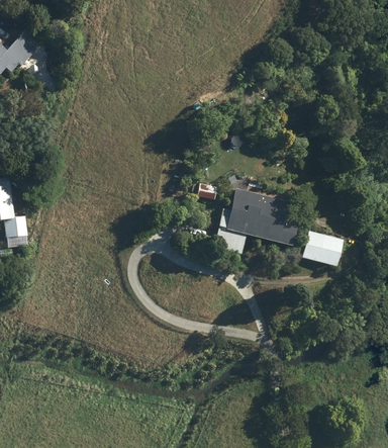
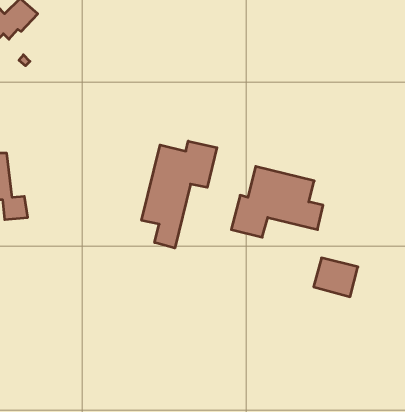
building: none -> [142,141,217,248]
building: [302,231,343,266] -> [314,258,358,297]

